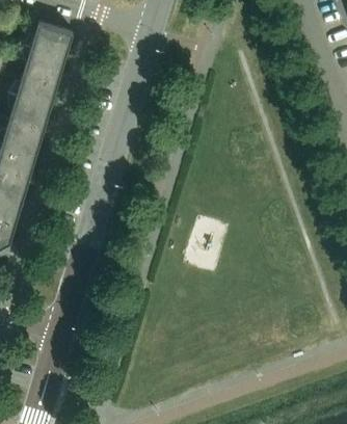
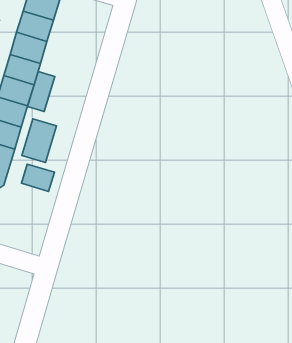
building: none -> [27,71,55,112]
building: none -> [22,119,56,162]
building: none -> [22,164,54,191]

